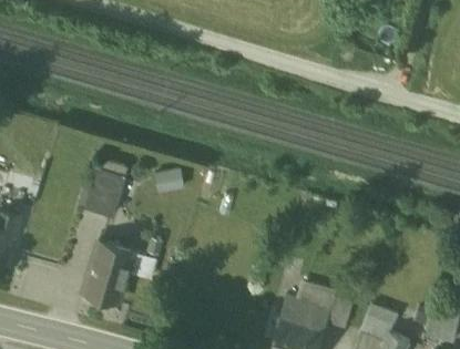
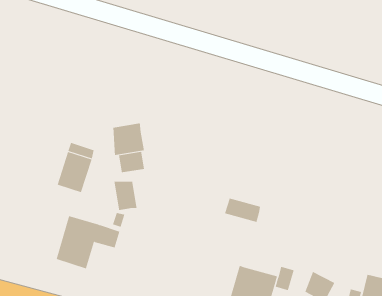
building: none -> [113,122,145,156]
building: none -> [114,181,137,211]
building: [295,283,336,311] -> [224,198,261,223]

